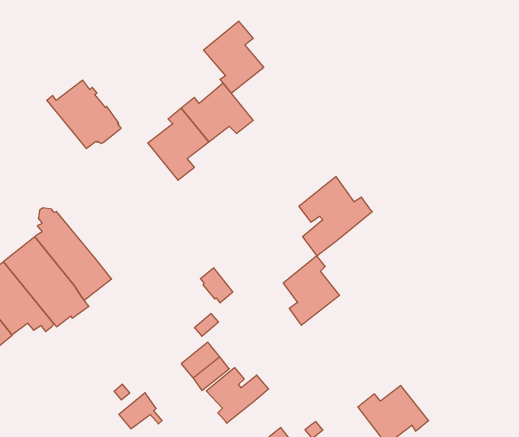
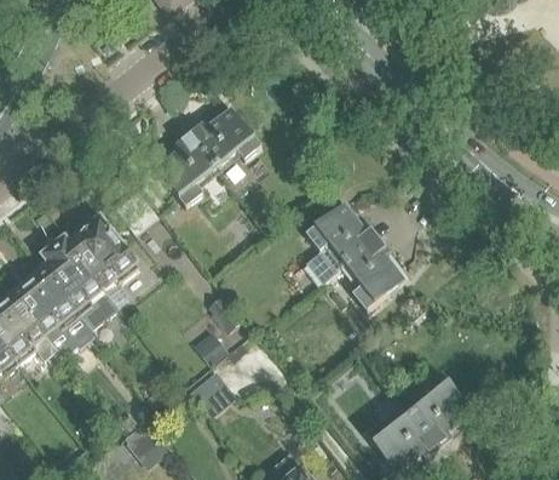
building: [204,21,264,93] -> none
building: [47,80,121,148] -> [63,219,138,288]
building: [283,256,340,325] -> [347,240,404,310]
building: none -> [410,378,472,451]
building: [206,368,269,423] -> none

